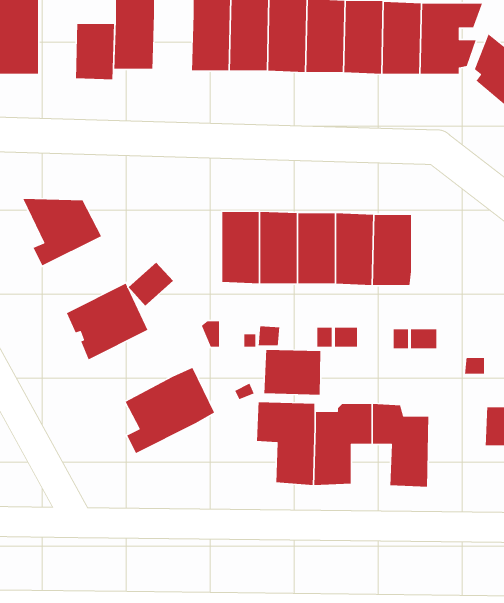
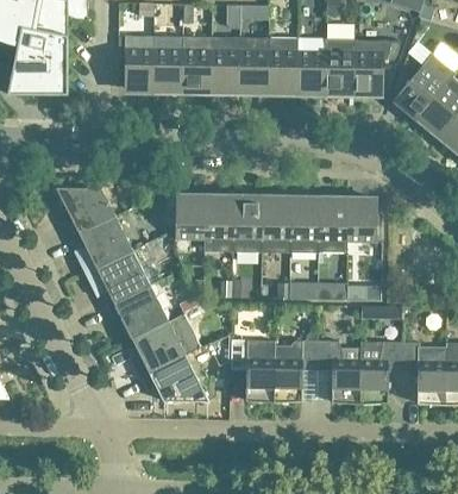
building: [75,23,115,80] -> [153,49,183,92]
building: none -> [175,196,205,239]
building: none -> [347,199,377,242]
building: none -> [70,215,133,273]
building: none -> [105,286,168,339]
building: [264,349,321,395] -> none
building: none -> [359,342,403,404]
building: none -> [140,356,208,401]

